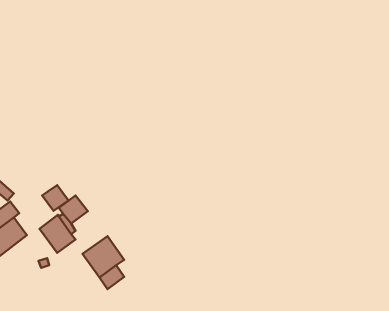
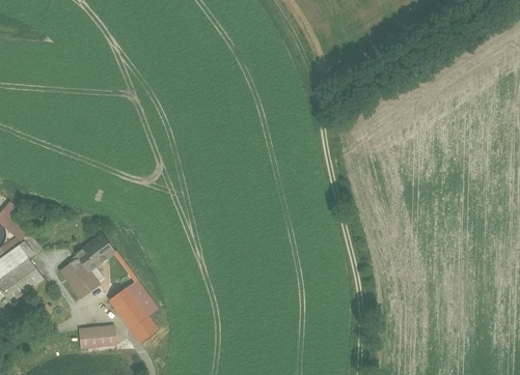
building: [42,185,69,211] -> none
building: none -> [77,325,114,349]

